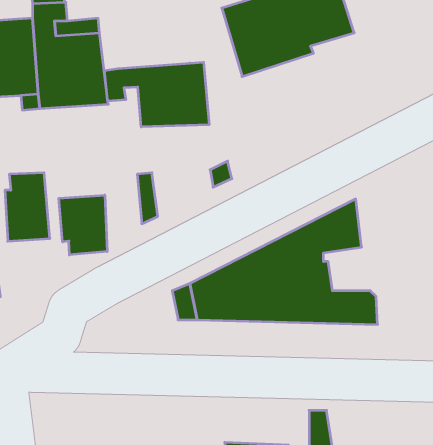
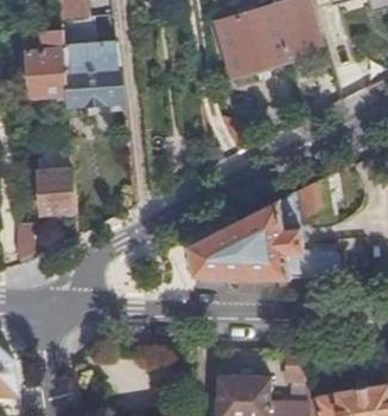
building: [104,62,209,127] -> none
building: [59,195,107,255] -> none

